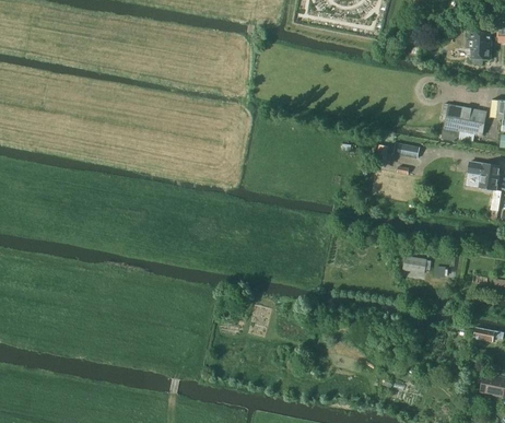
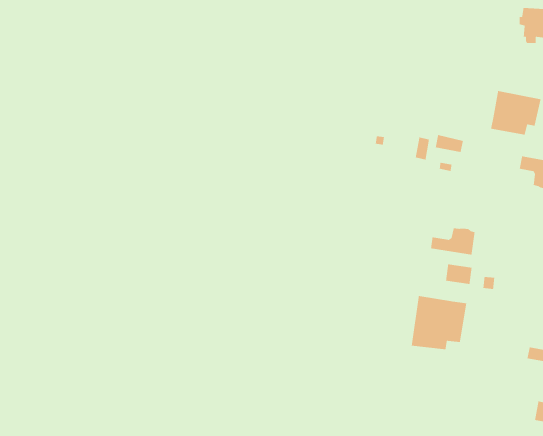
building: none -> [430,228,475,255]
building: none -> [411,295,467,350]

